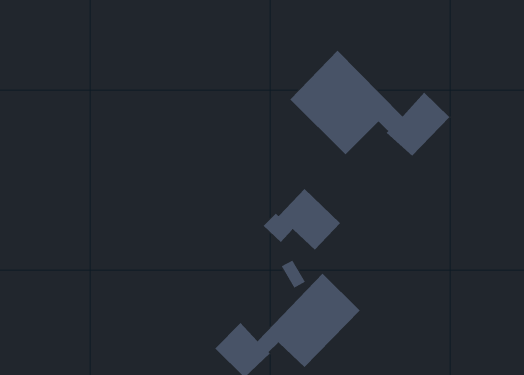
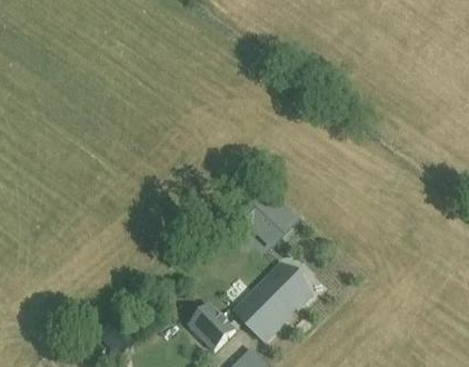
building: [290,50,450,157] -> none

